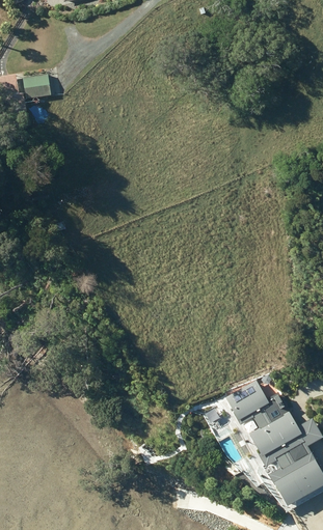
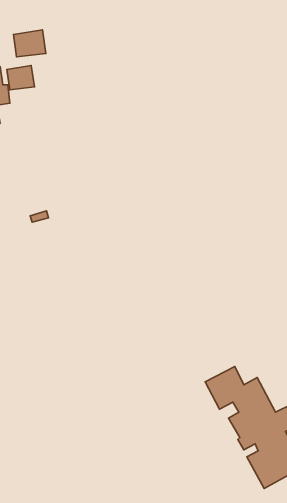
building: none -> [14,30,46,57]

